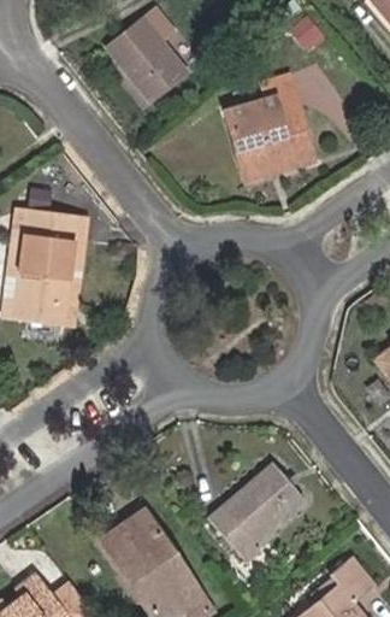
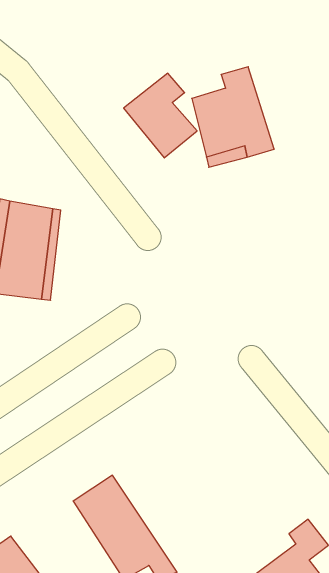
building: [107,7,185,98] -> [124,73,197,158]
building: [209,463,301,562] -> none

